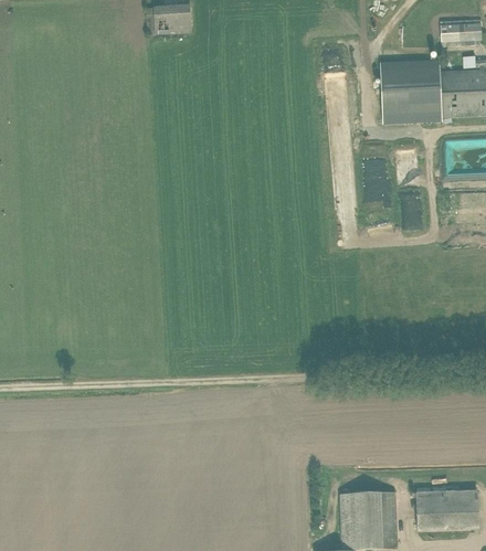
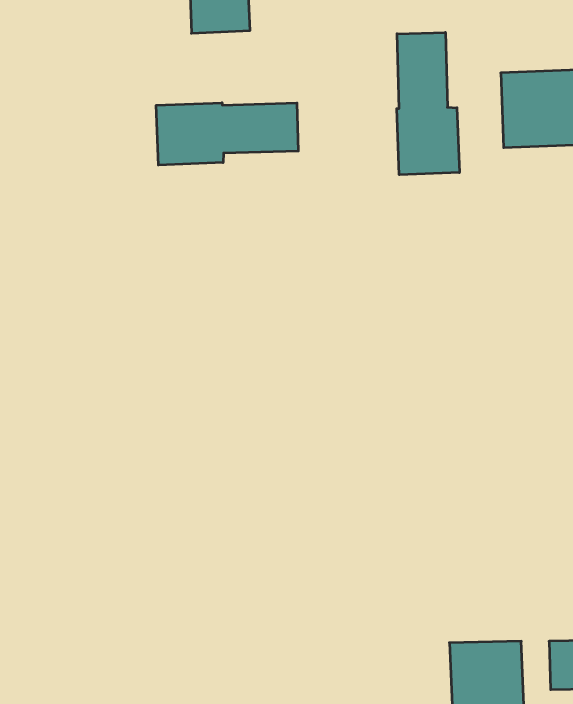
building: none -> [397,32,459,175]
building: none -> [156,103,298,165]

